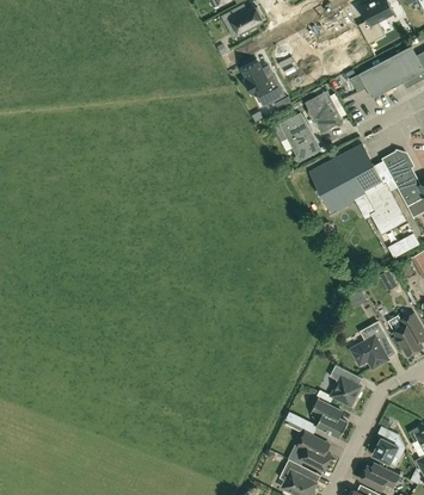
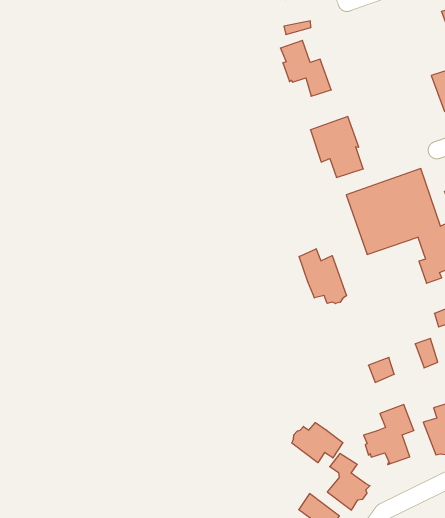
building: [306,89,344,131] -> none
building: none -> [299,249,346,304]
building: none -> [292,423,343,463]

